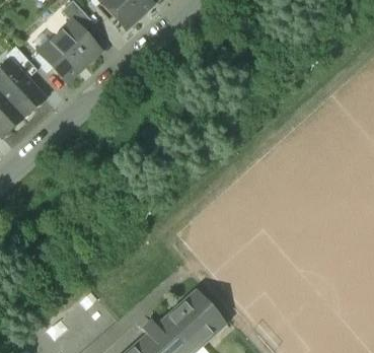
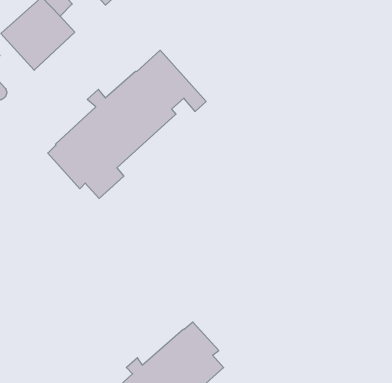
building: none -> [48,50,206,198]

